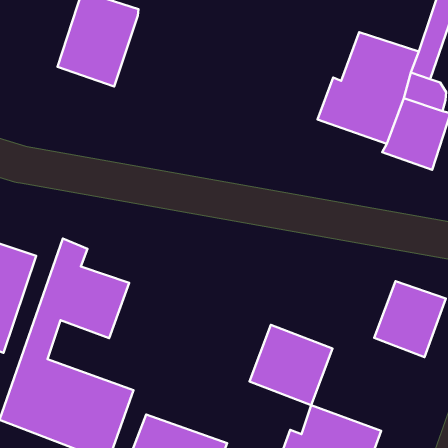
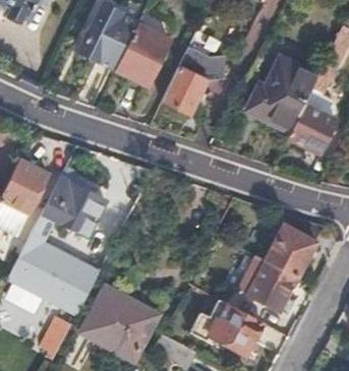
building: none -> [115,24,170,84]
building: none -> [163,48,226,115]
building: [249,325,333,405] -> [237,255,295,312]

